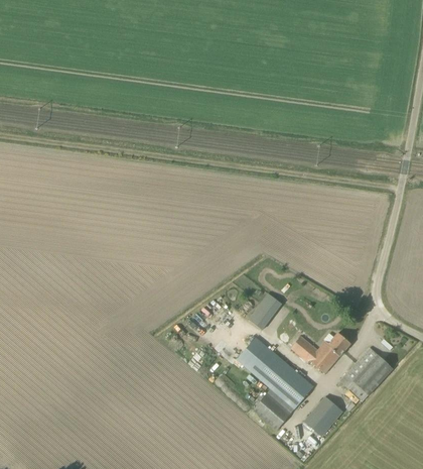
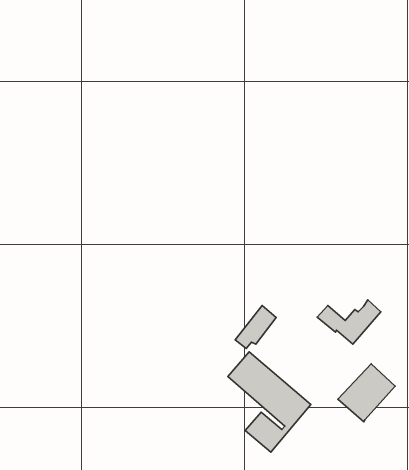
building: [290,332,349,373] -> [317,300,381,344]
building: [303,395,342,436] -> none

